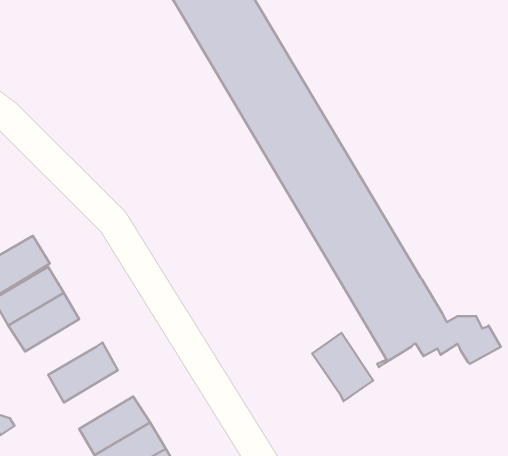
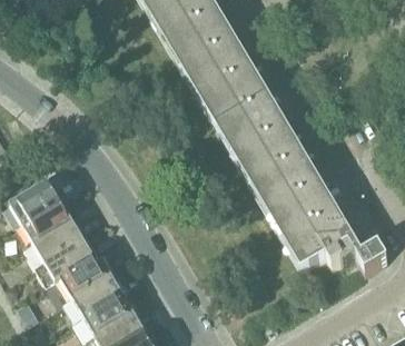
building: none -> [45,237,96,280]
building: [312,333,373,401] -> none
building: none -> [72,274,122,316]

